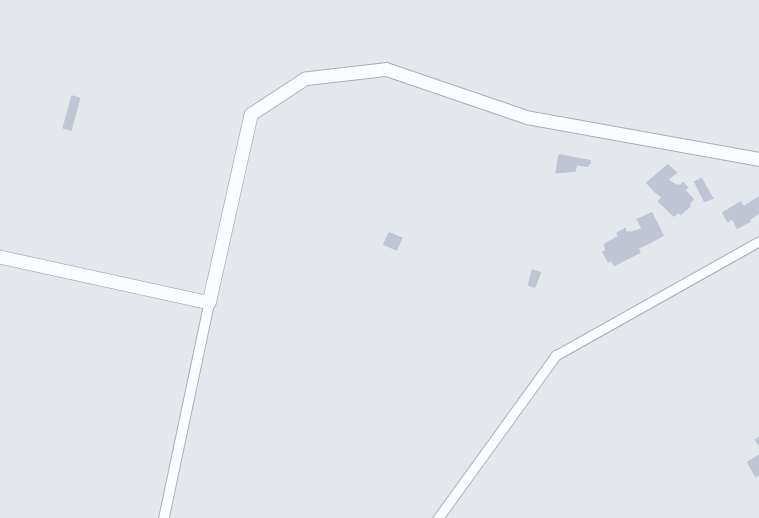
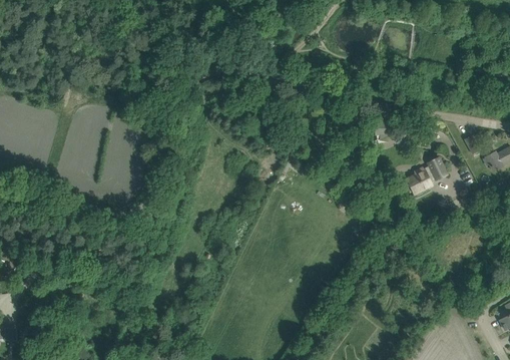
building: [645,163,695,218] -> none

